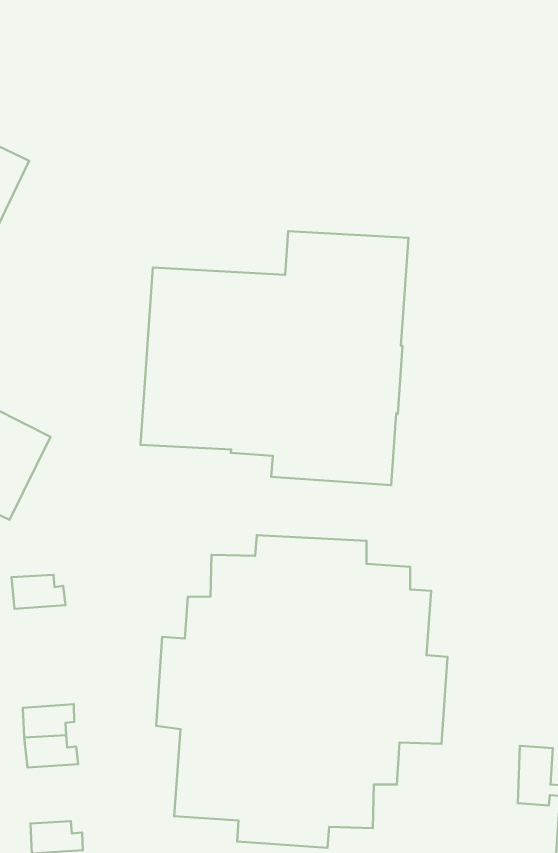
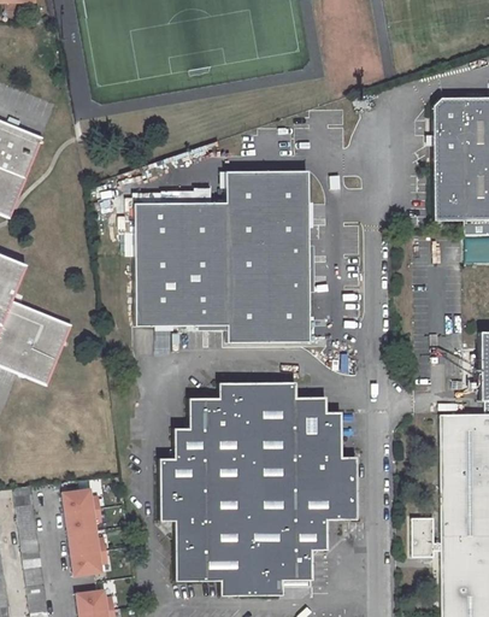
building: [11,575,65,609] -> [61,488,100,513]
building: none -> [71,550,107,576]

